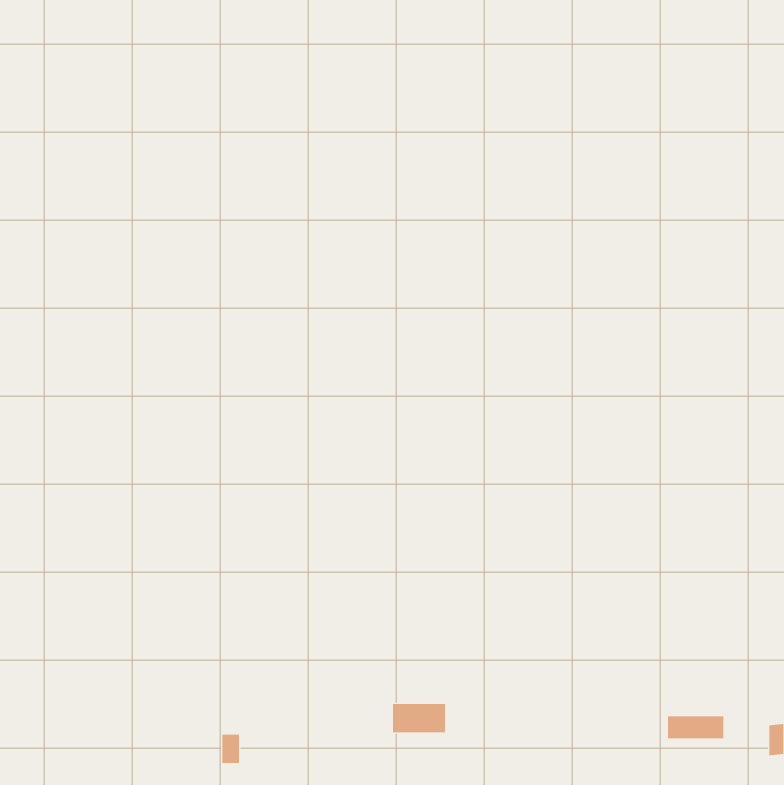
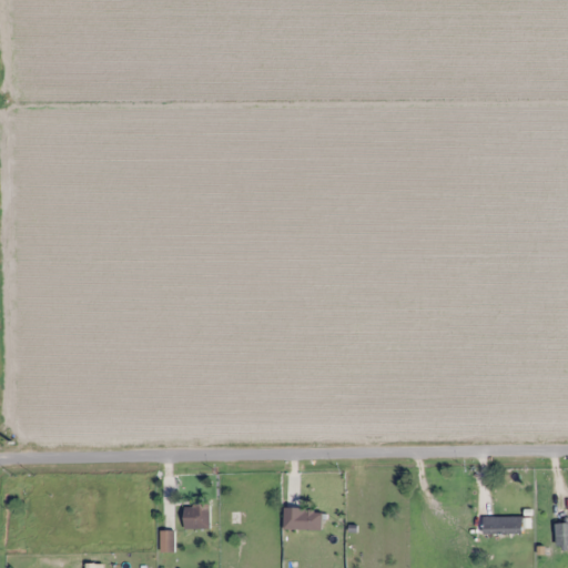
building: none -> [183,504,209,529]

